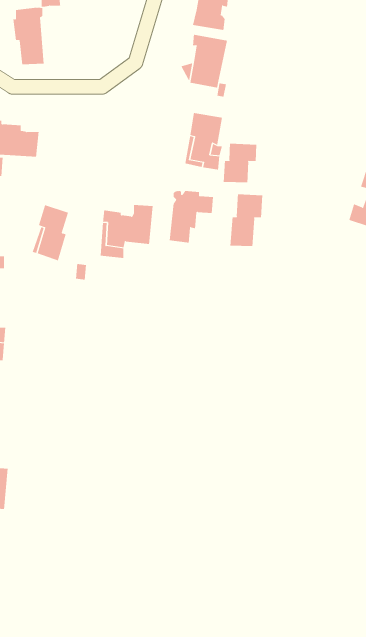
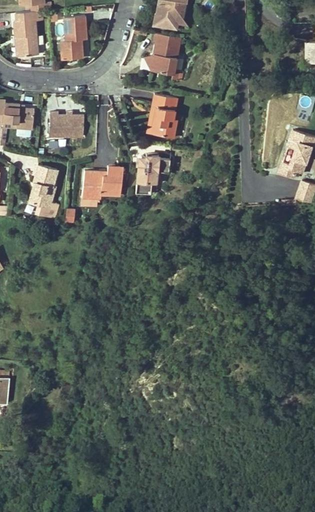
building: none -> [60,15,87,59]
building: none -> [47,112,83,139]
building: [223,143,257,183] -> none
building: [230,194,263,247] -> none

